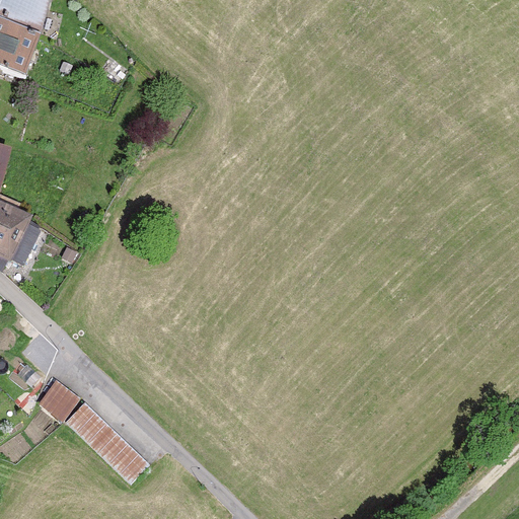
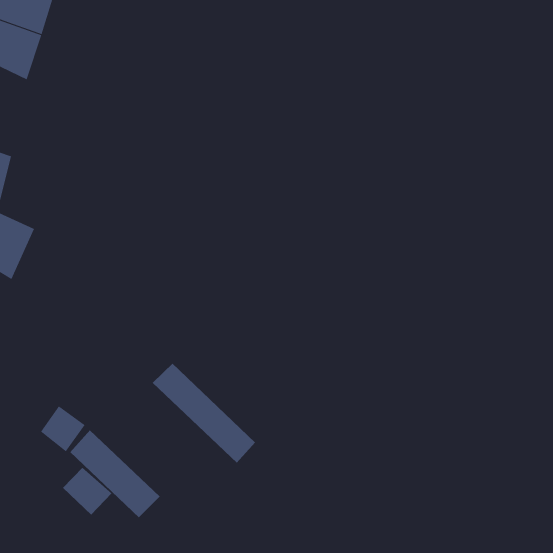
building: none -> [152,363,256,464]
building: none -> [62,467,112,515]

